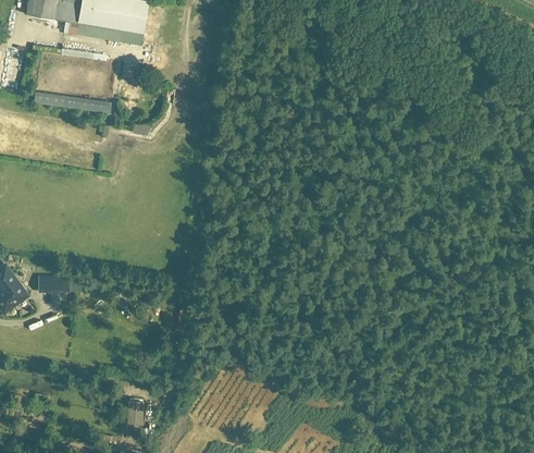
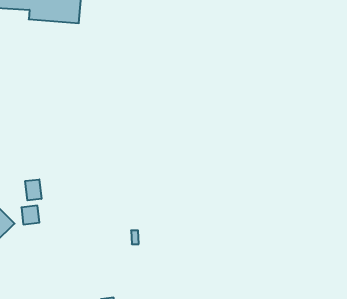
building: none -> [25,179,41,200]

